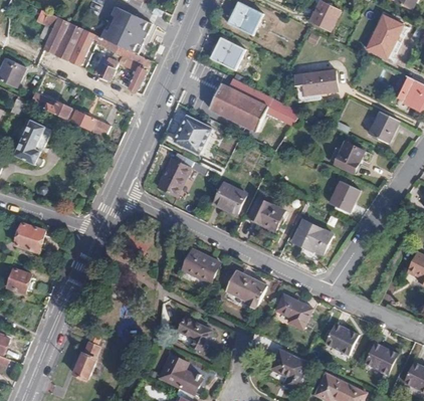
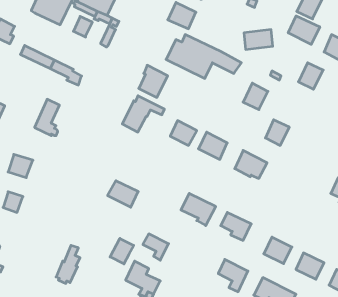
building: none -> [288,16,320,44]
building: [15,122,45,166] -> [35,99,59,136]
building: [334,140,364,172] -> [243,83,268,110]
building: [184,250,221,282] -> [108,181,138,207]
building: none -> [110,238,134,264]

